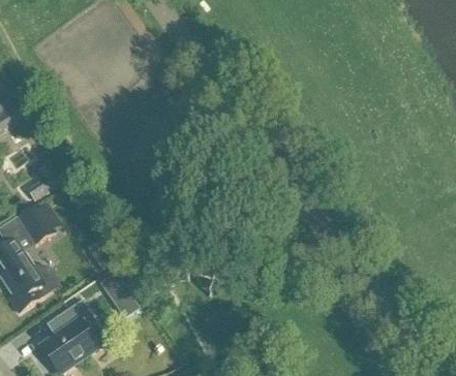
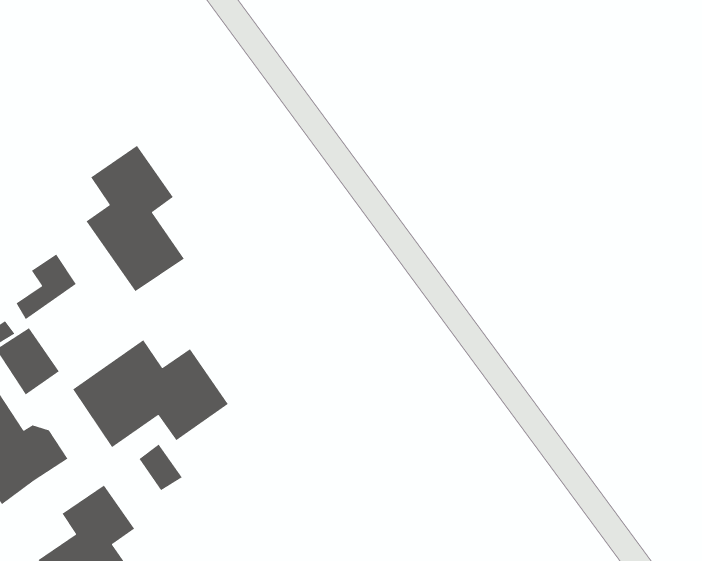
building: none -> [85,145,185,292]
building: none -> [72,339,229,448]

